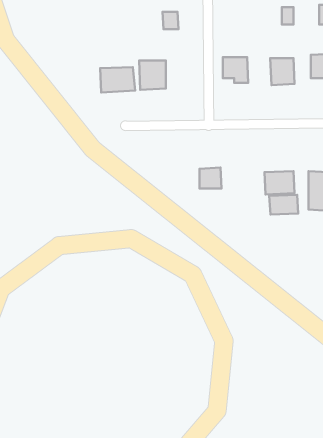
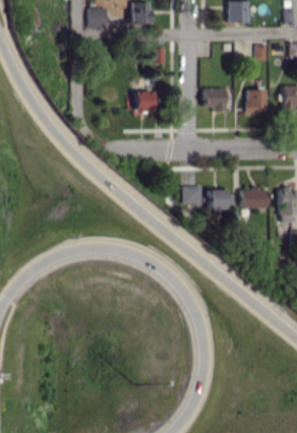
building: [100,67,135,93] -> none
building: [269,195,298,215] -> [210,190,235,207]

